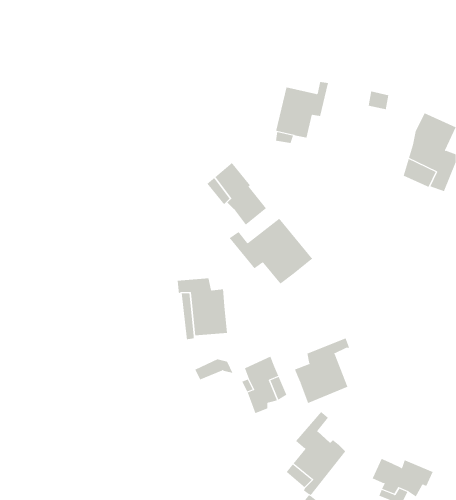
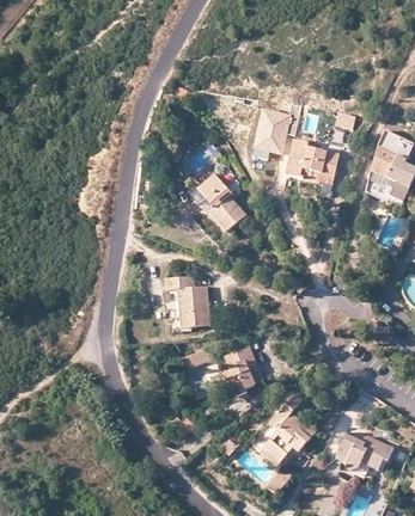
building: none -> [286,139,338,184]
building: [229,218,313,285] -> none
building: [294,337,350,404] -> none

